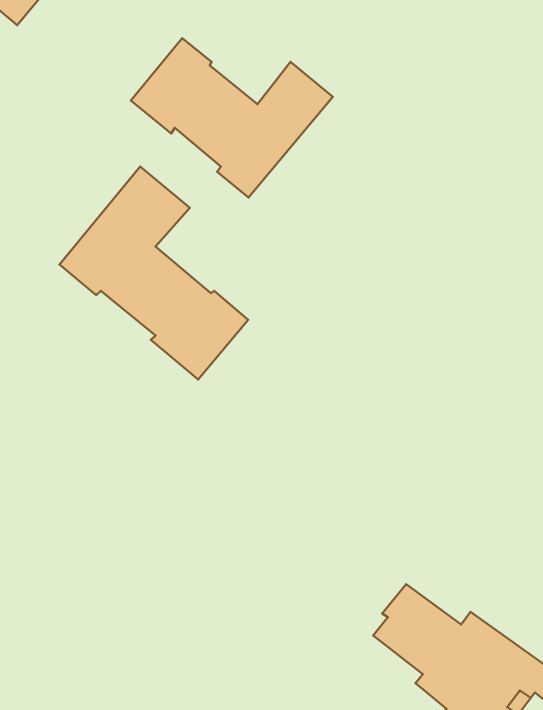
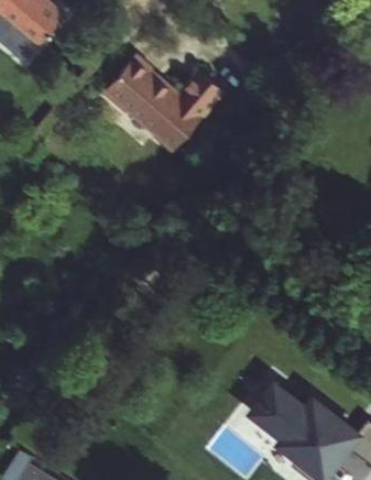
building: [60,167,248,379] -> none

